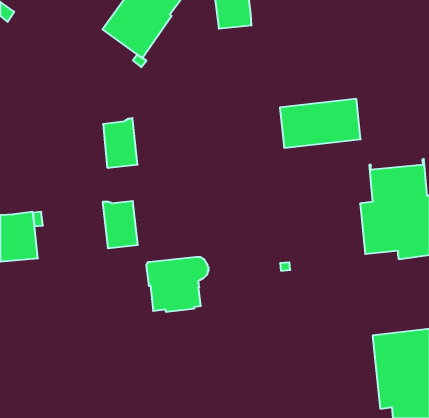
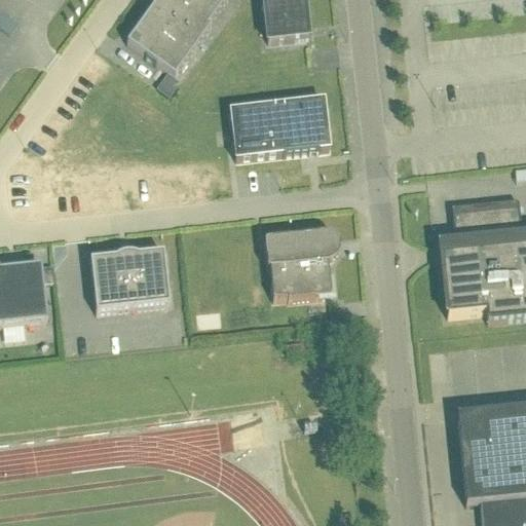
building: [280,99,361,148] -> [230,93,329,153]
building: [103,118,138,168] -> [90,247,133,307]
building: [146,257,209,312] -> [264,228,340,295]

